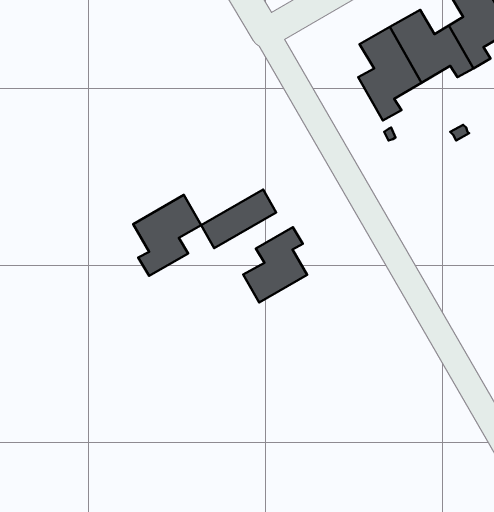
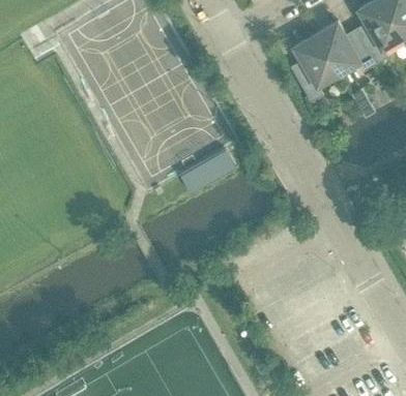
building: [133,195,201,276] -> none
building: [243,227,307,303] -> none

